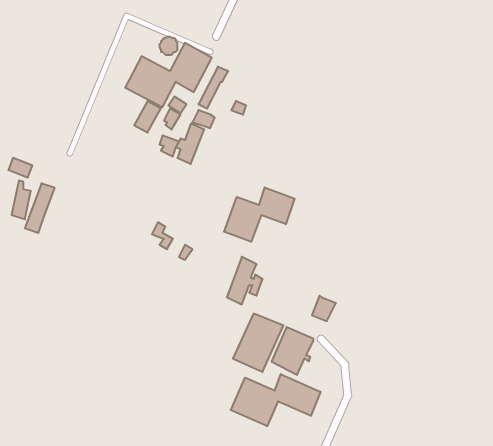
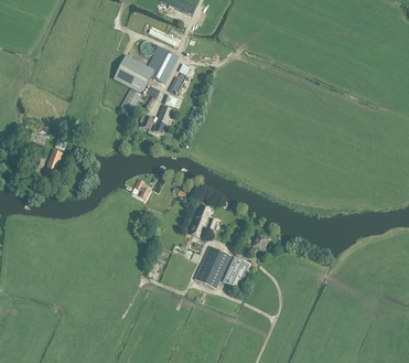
building: [224,187,295,242] -> none
building: [231,374,321,426] -> none

